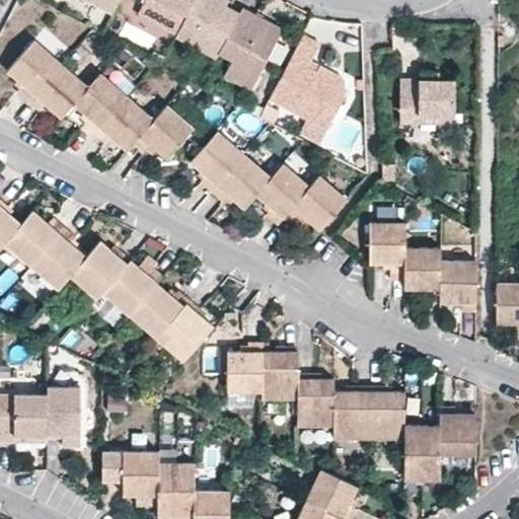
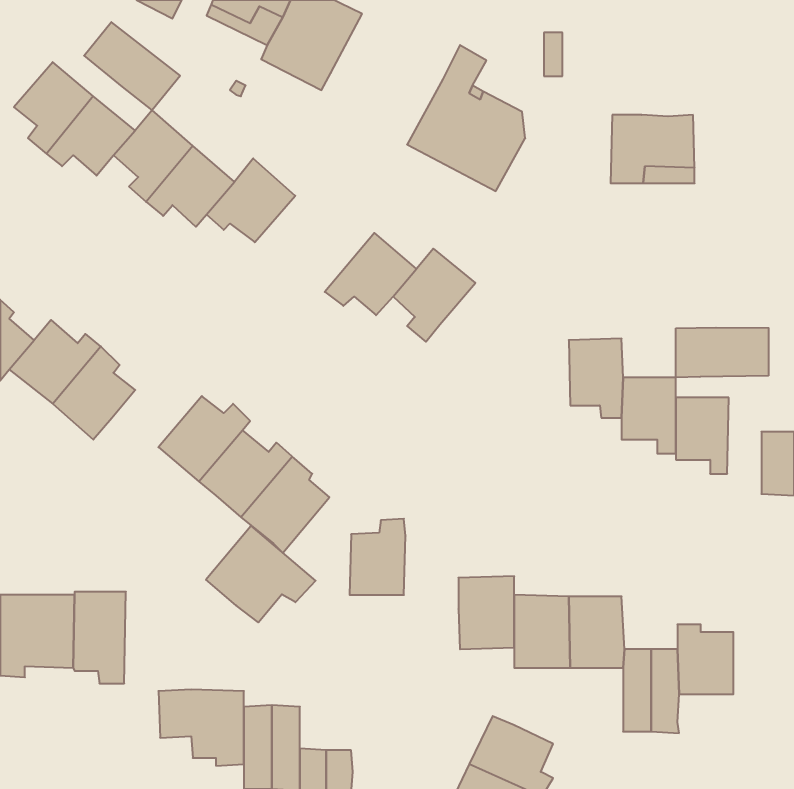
building: [216,8,278,85] -> none
building: none -> [84,22,180,110]
building: [190,132,244,194] -> none
building: [287,176,347,230] -> none
building: none -> [676,328,769,377]
building: [73,243,132,298] -> none
building: none -> [206,526,316,622]
building: [264,353,299,400] -> none

